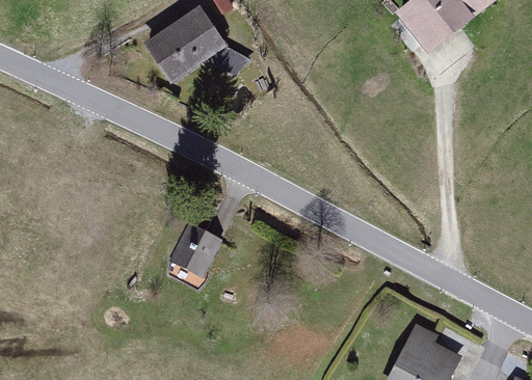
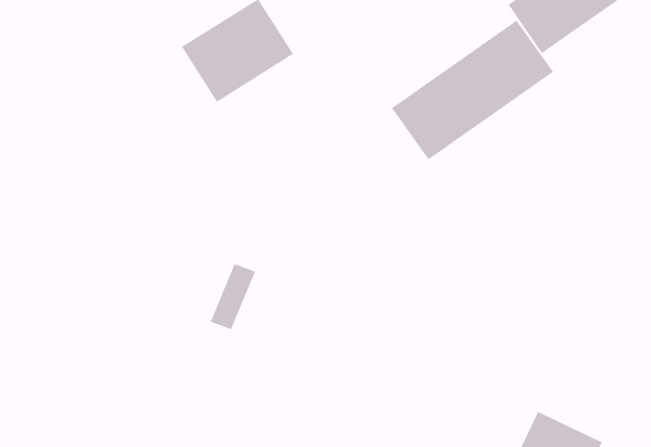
building: none -> [391,20,554,160]
building: [182,227,223,277] -> none

